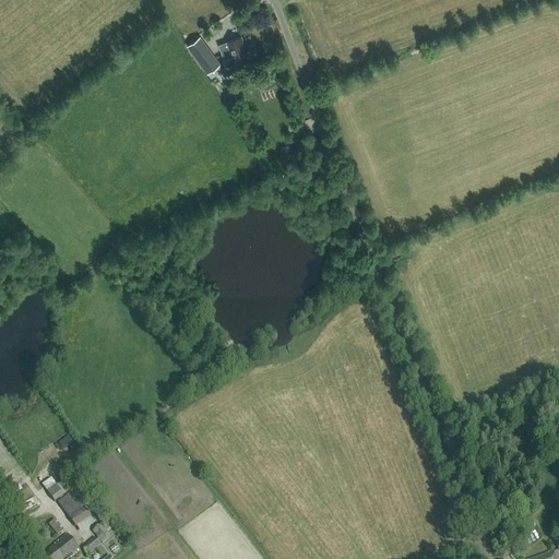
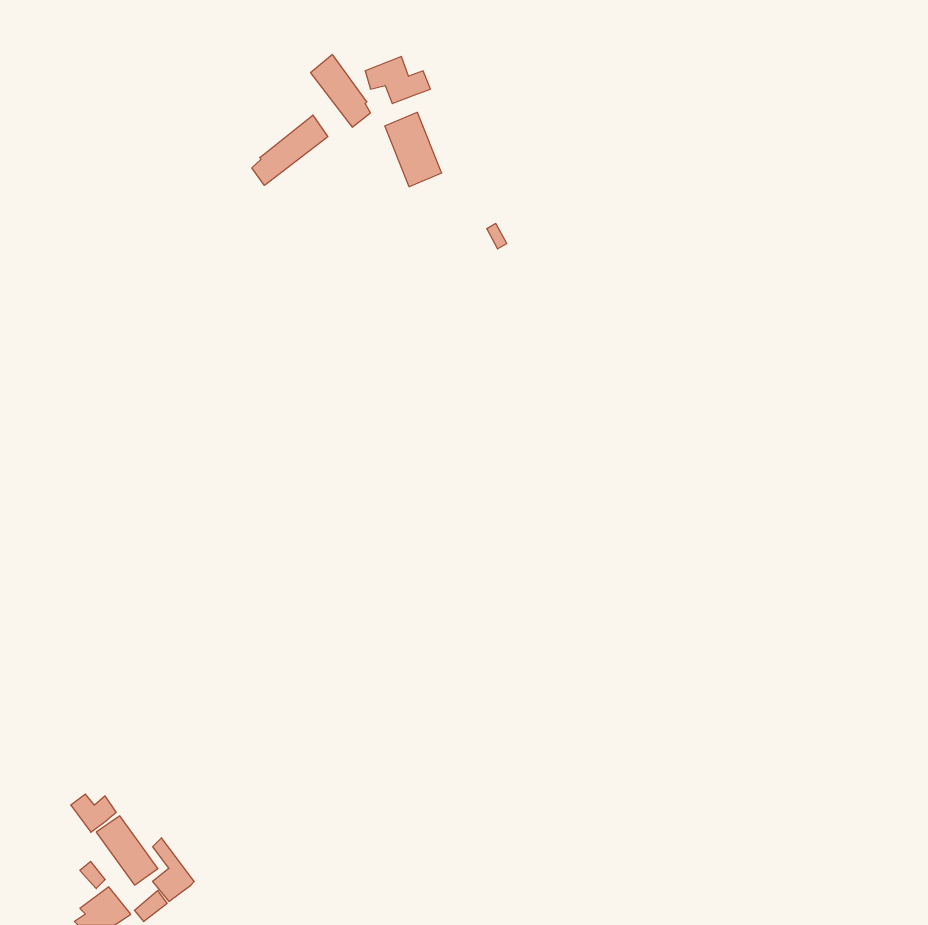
building: none -> [385,112,442,187]
building: none -> [252,115,328,185]

